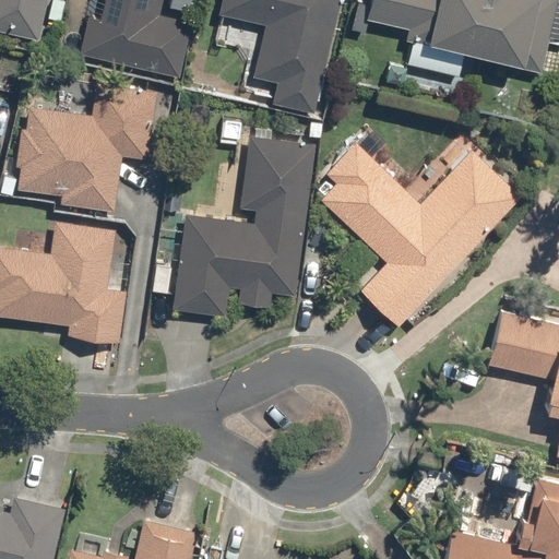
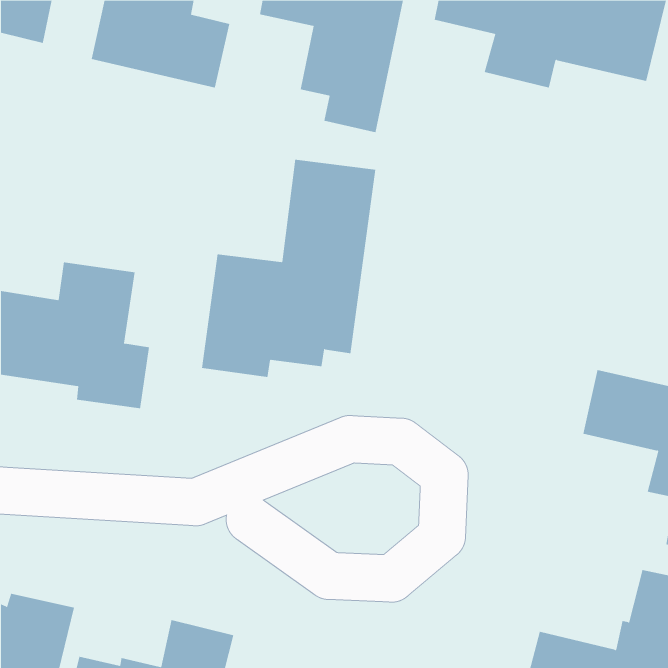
building: [14,82,157,212] -> none
building: [320,141,522,325] -> none

